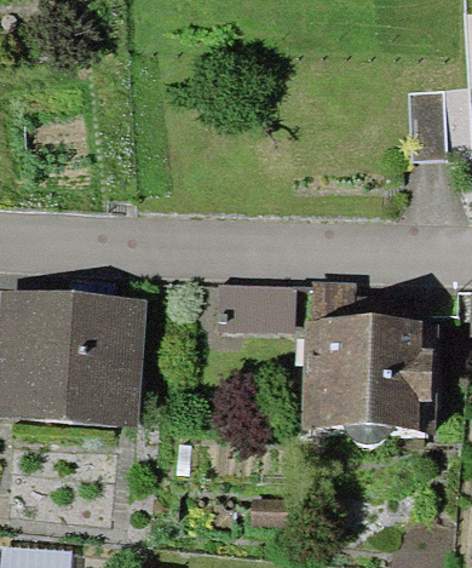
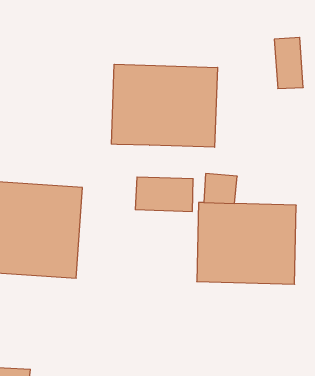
building: none -> [111,64,218,147]

